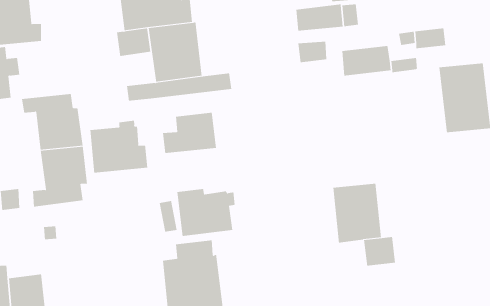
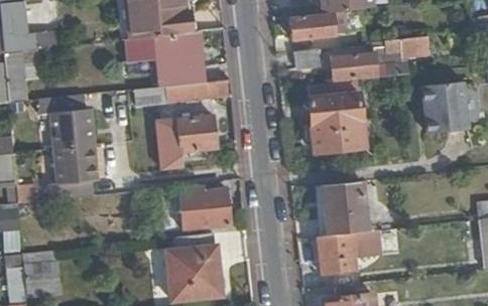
building: none -> [310,94,368,154]
building: [90,120,148,174] -> none
building: none -> [318,233,356,275]

